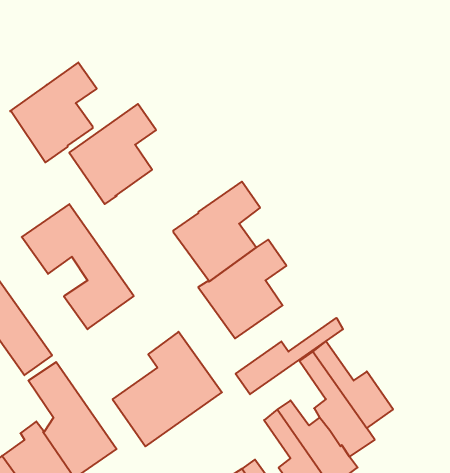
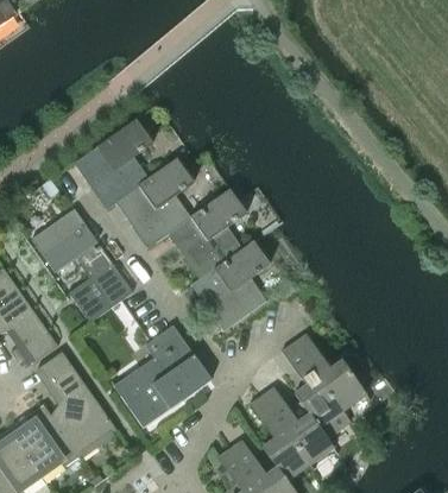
building: [10,62,97,162] -> [115,158,194,248]
building: [236,318,343,394] -> none

